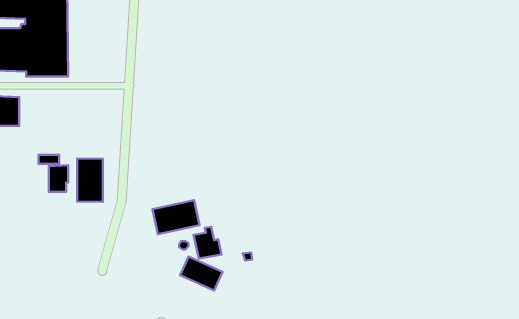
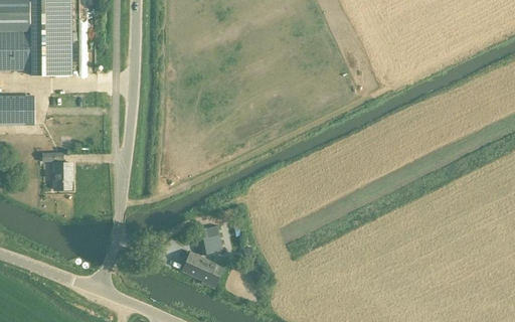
building: [77,159,103,202] -> none
building: [153,200,200,234] -> none

